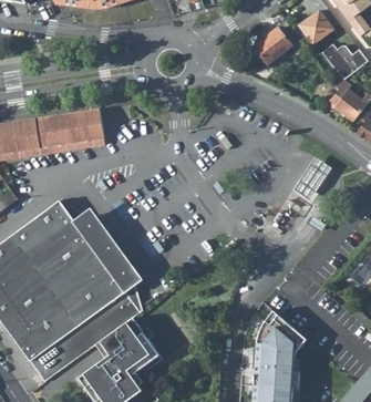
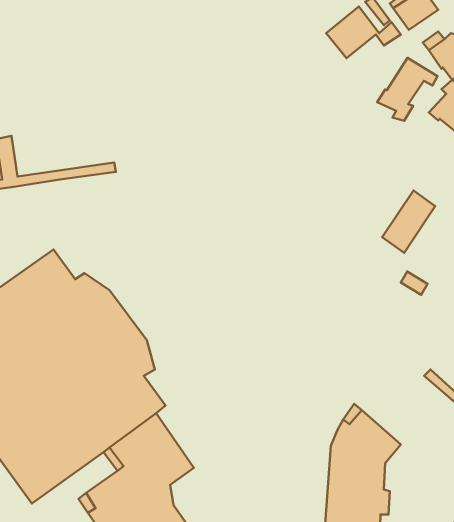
building: none -> [377,58,438,121]
building: [30,110,103,148] -> none
building: [60,199,142,311] -> none

